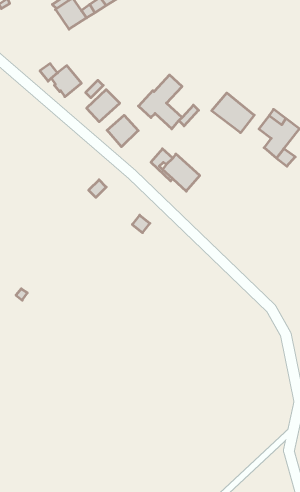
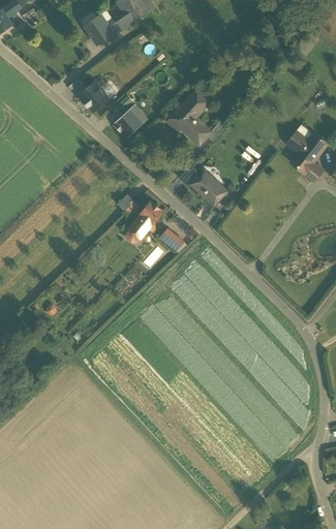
building: [212,93,254,133] -> none
building: [107,115,138,147] -> none
building: none -> [129,203,162,239]

